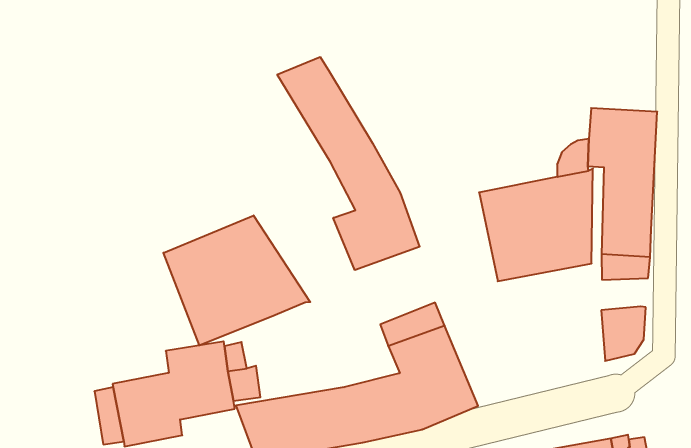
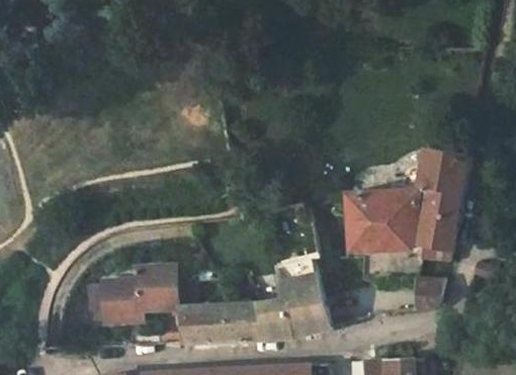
building: [277,57,420,270] -> none
building: [163,215,310,345] -> none

